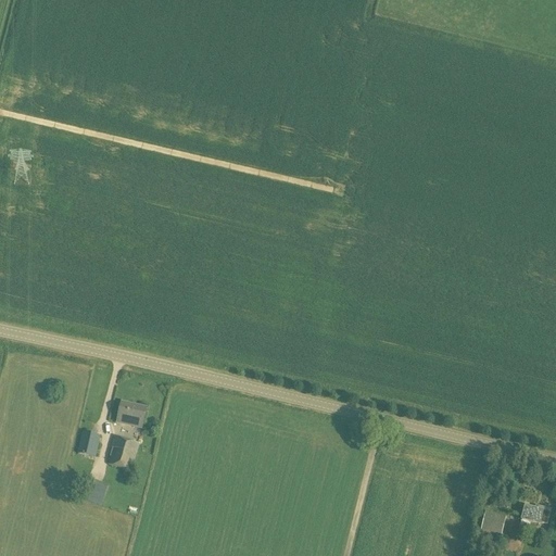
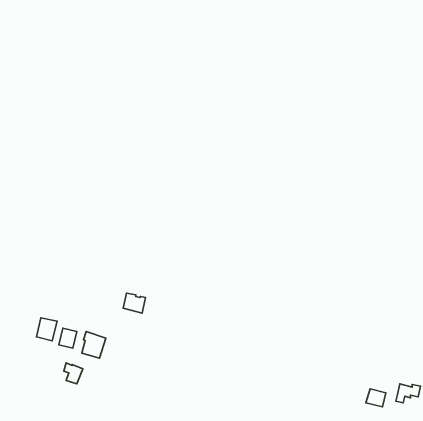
building: [116,401,146,427] -> [123,293,146,313]
building: none -> [37,318,57,341]

